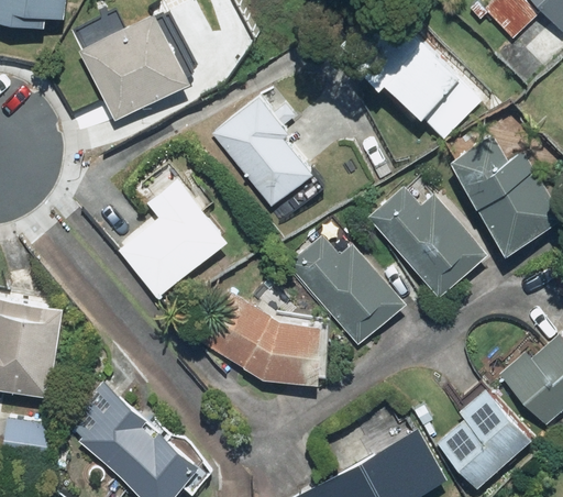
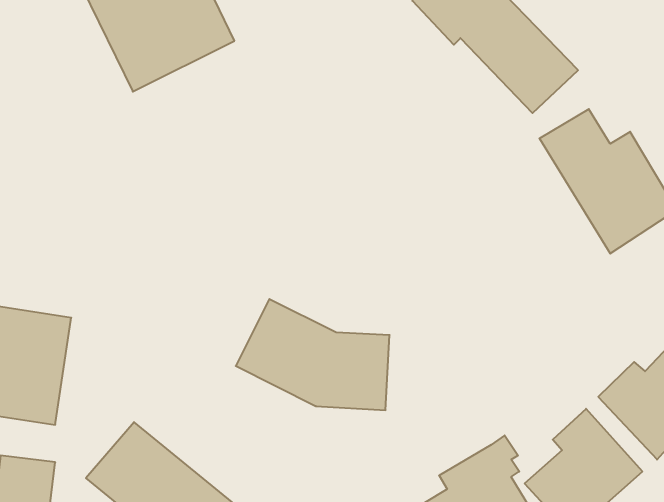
building: [209,95,324,222] -> none
building: [118,180,229,300] -> none
building: [369,190,487,296] -> none
building: [287,238,408,347] -> none

